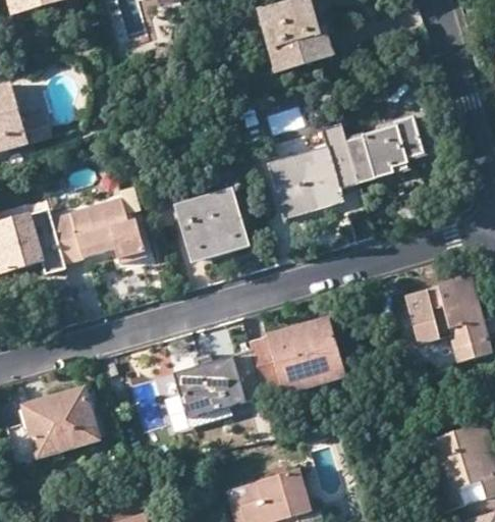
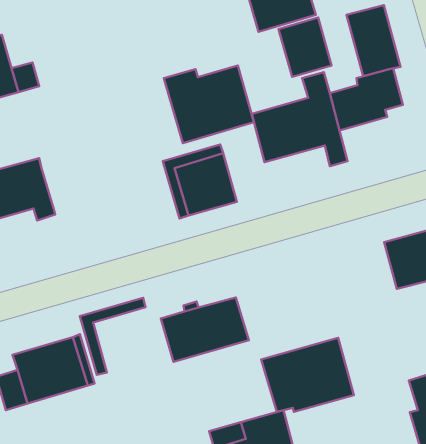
building: none -> [347,5,400,76]
building: none -> [278,18,332,77]
building: none -> [164,66,254,143]
building: [50,197,146,261] -> none
building: [248,318,343,395] -> [261,338,354,412]
building: none -> [80,298,146,375]

